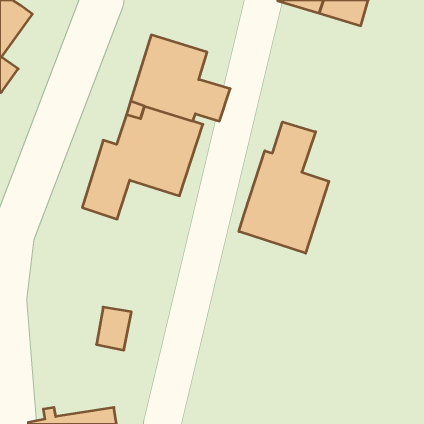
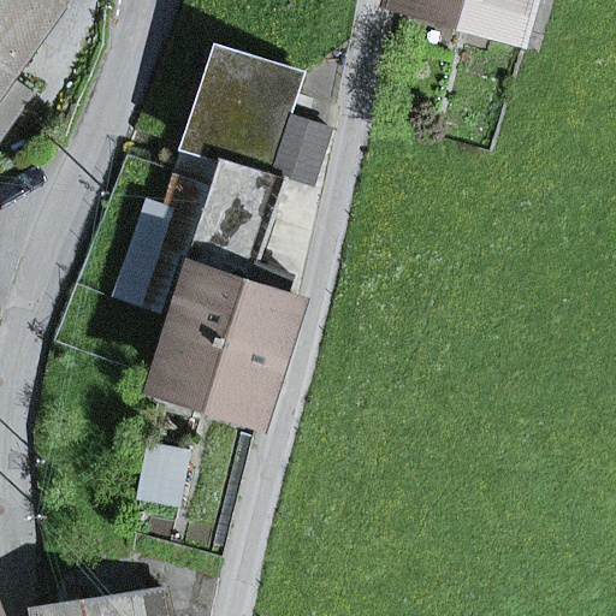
building: [239,122,329,253] -> none
building: none -> [158,261,298,413]

